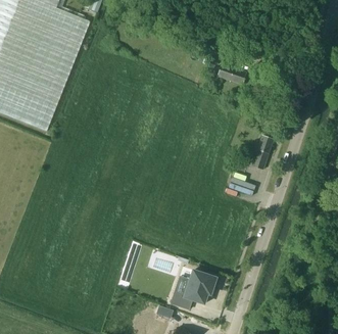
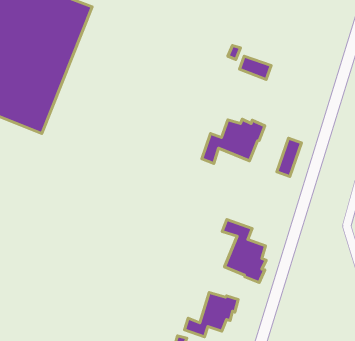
building: none -> [202,119,265,164]
building: none -> [222,220,266,283]

